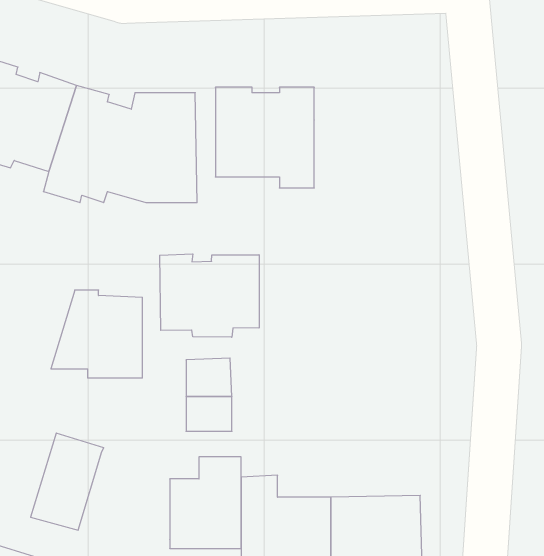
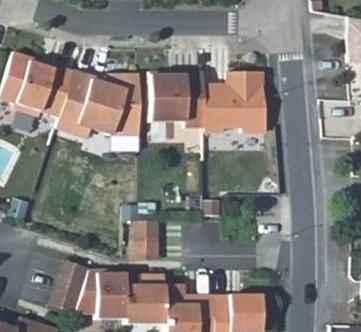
building: none -> [205,71,268,131]
building: [160,254,259,337] -> none
building: [51,290,142,378] -> [76,270,126,318]

